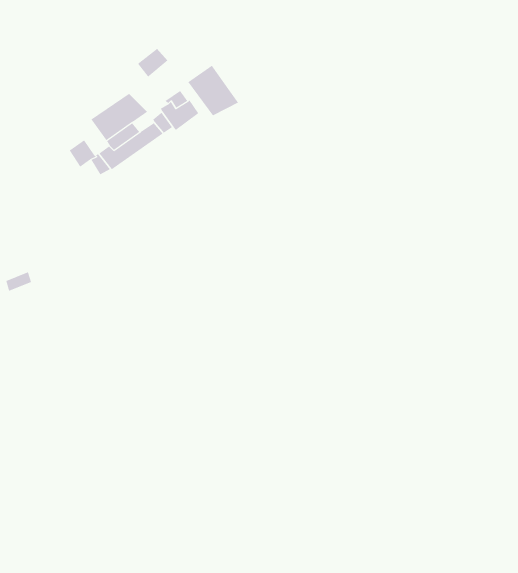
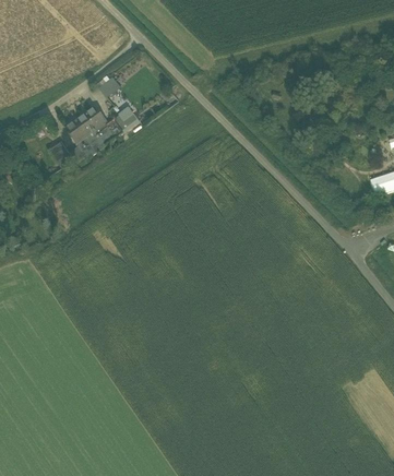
building: [187,65,239,116] -> none

